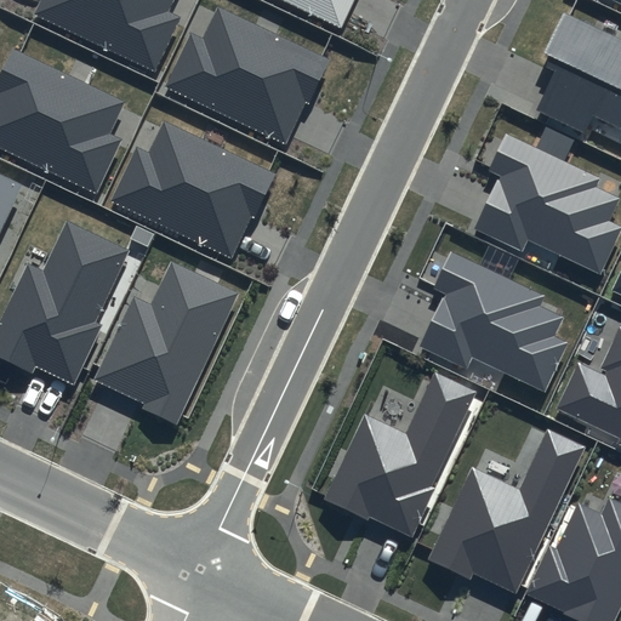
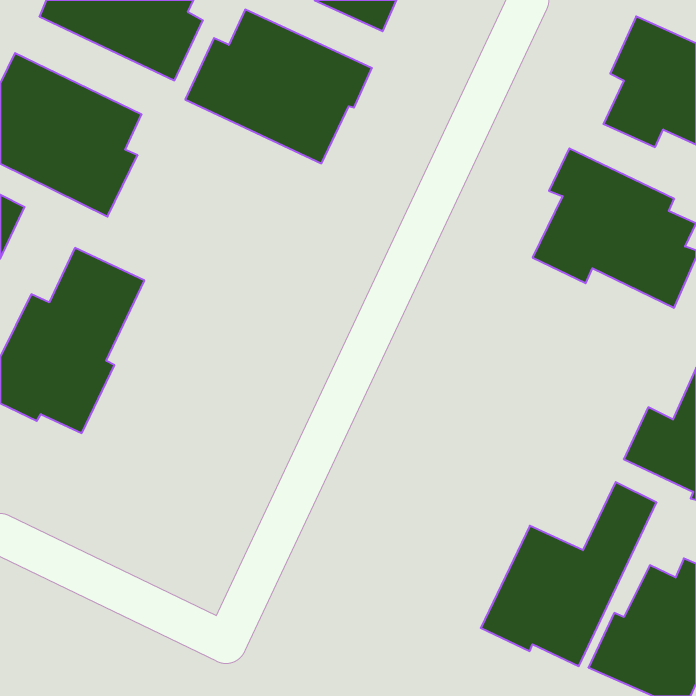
building: [110,121,277,260] -> none
building: [418,251,568,392] -> none
building: [95,260,241,425] -> none
building: [324,372,475,536] -> none

